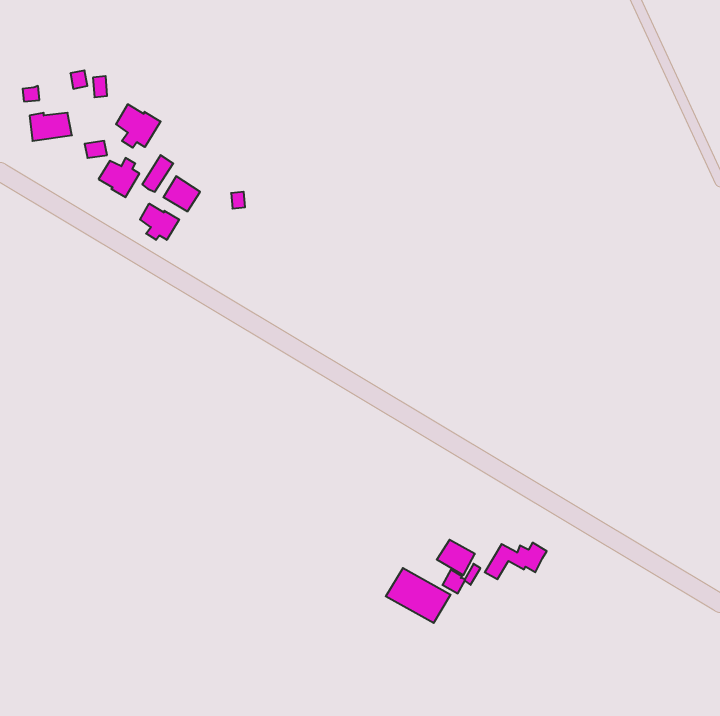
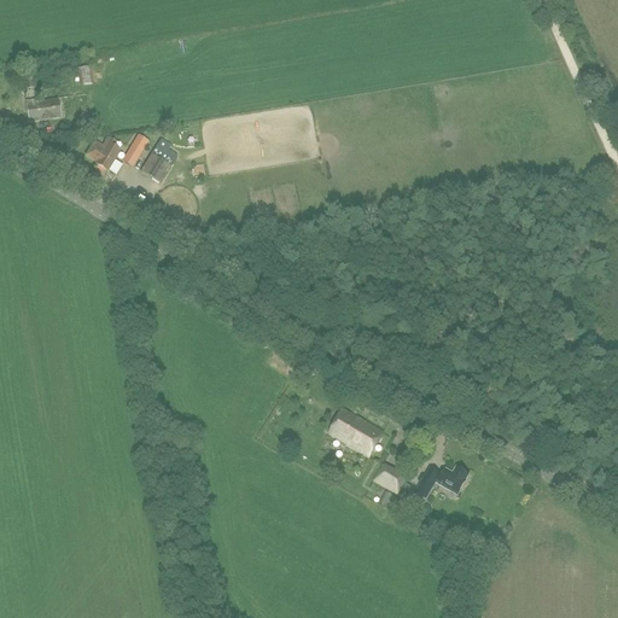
building: [116,104,161,148] -> none
building: [140,204,179,240] -> none
building: [386,568,451,623] -> [328,407,384,454]

